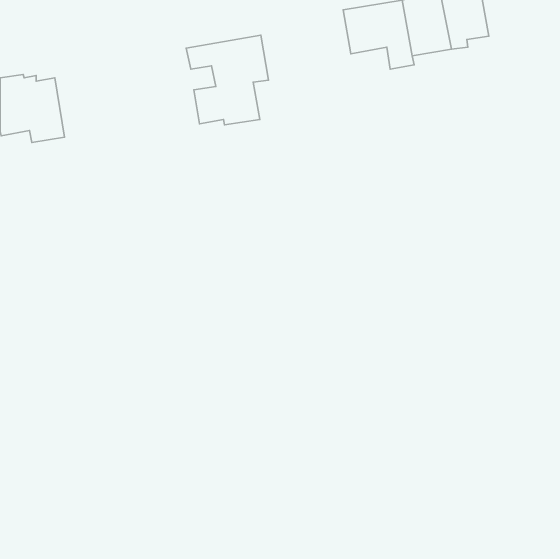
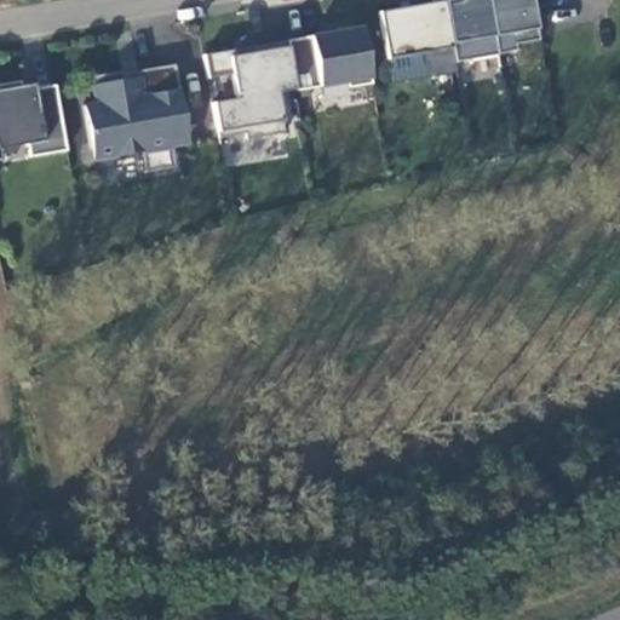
building: none -> [288,27,373,90]
building: none -> [86,64,185,160]

